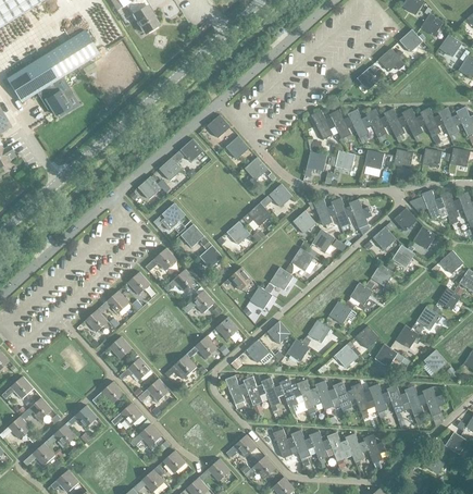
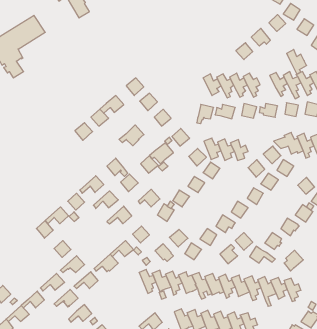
building: [384,108,411,141] -> [287,49,307,74]
building: [152,202,186,231] -> [119,125,144,146]

